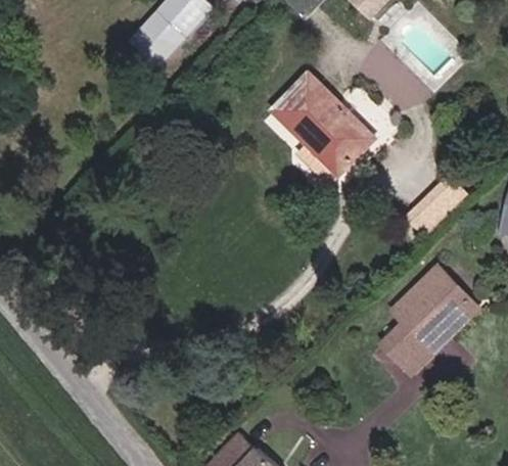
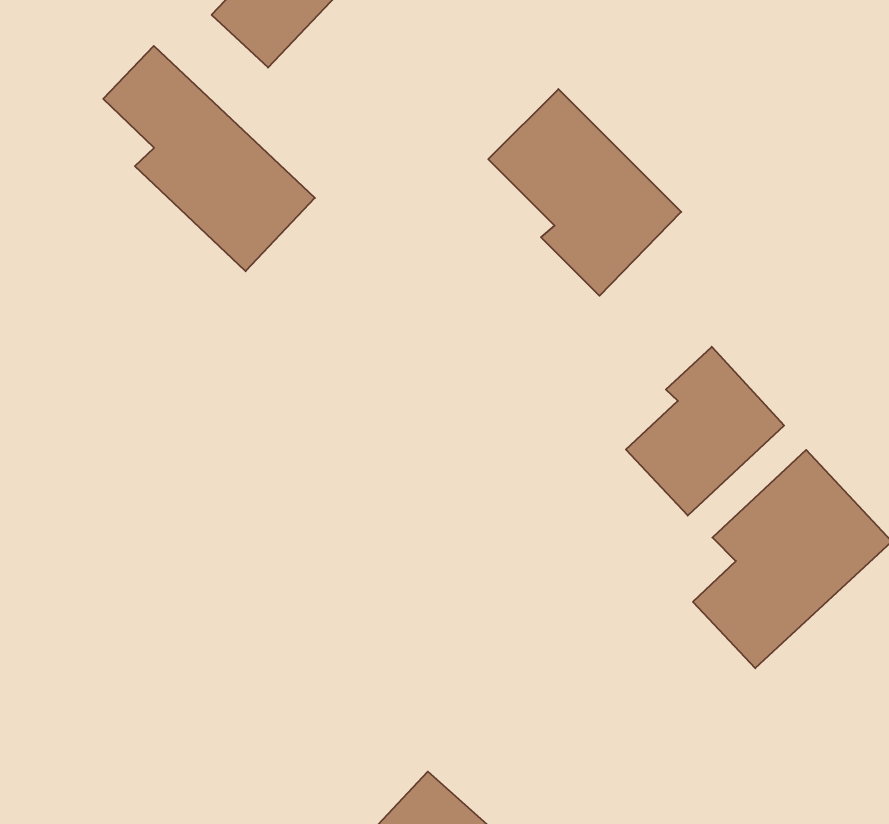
building: none -> [103,46,315,271]
building: none -> [626,347,784,516]

